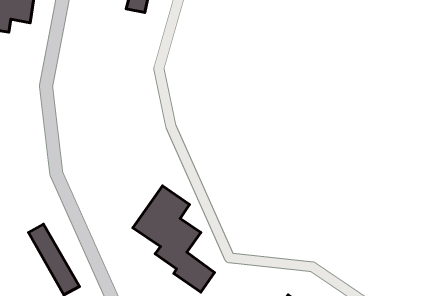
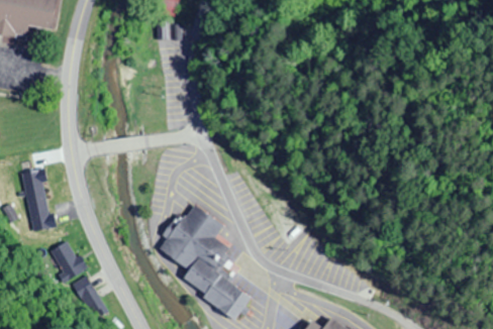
building: none -> [23,171,51,231]

